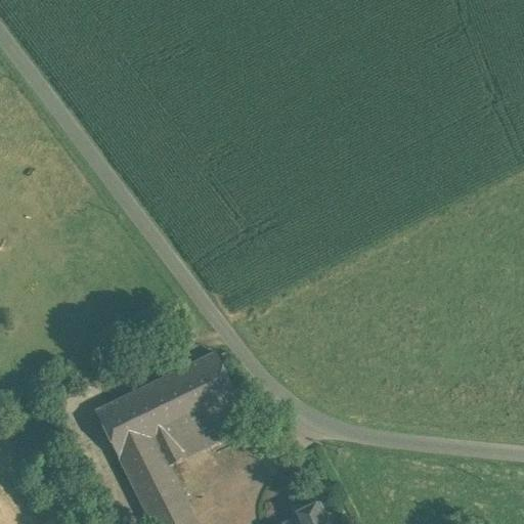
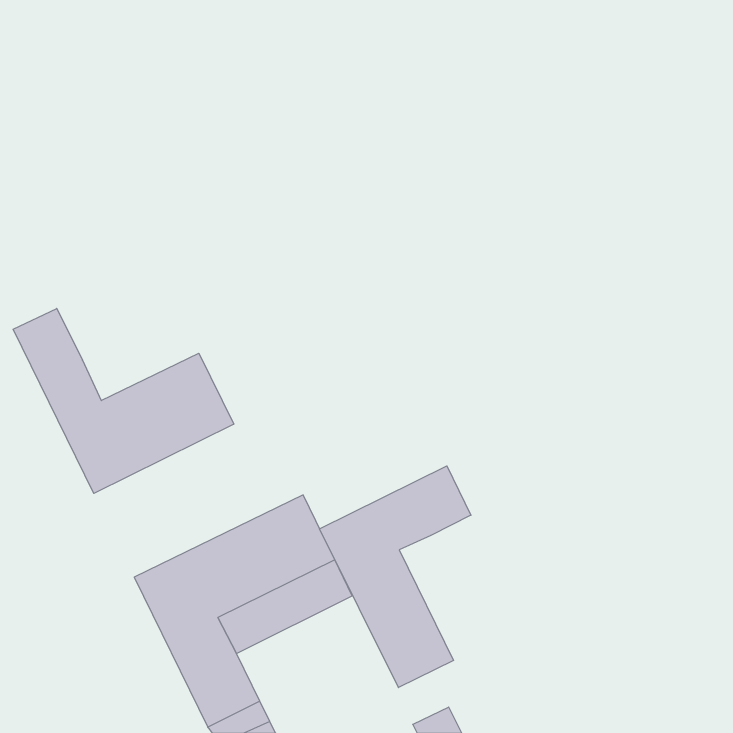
building: none -> [13,308,234,493]
building: none -> [320,466,471,688]

